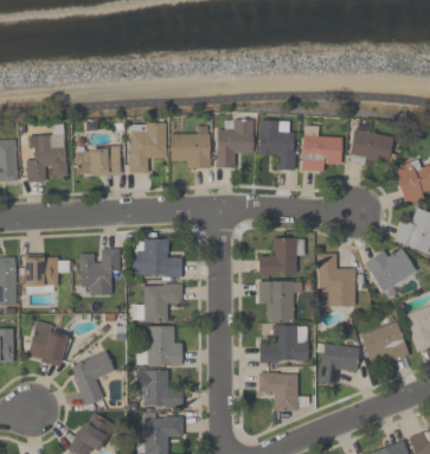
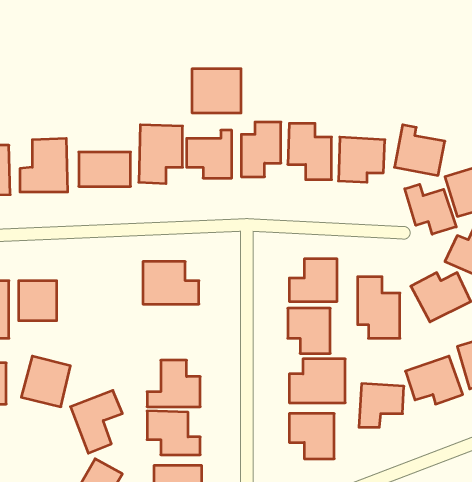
building: none -> [192,69,241,113]
building: none -> [405,184,456,234]
building: [81,248,120,295] -> none
building: [142,283,181,321] -> none

